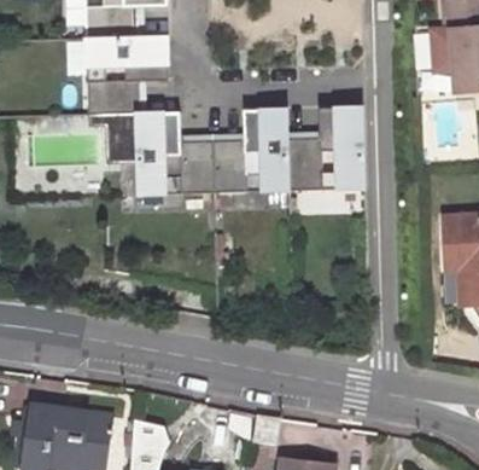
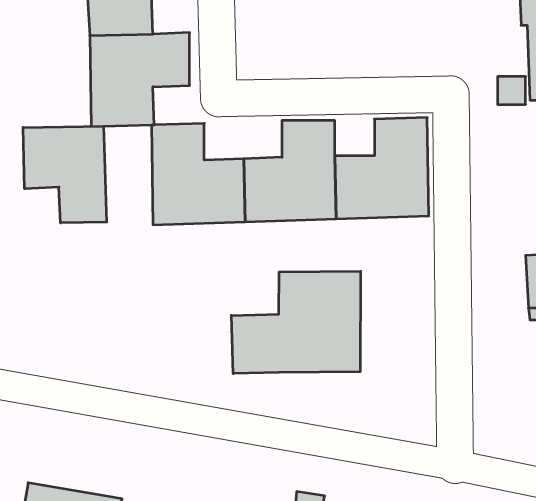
building: none -> [23,126,107,223]
building: none -> [231,271,361,374]

